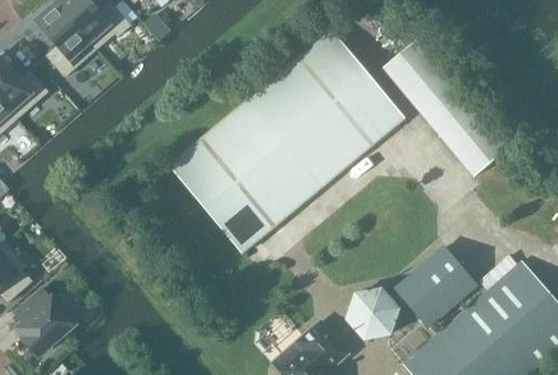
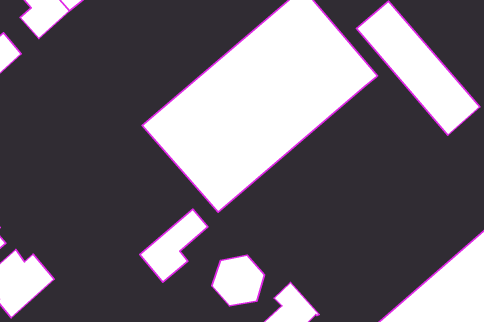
building: [393,245,475,326] -> none
building: none -> [140,209,208,282]
building: [345,287,398,338] -> [212,255,265,306]

